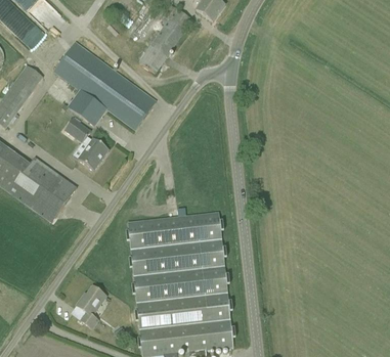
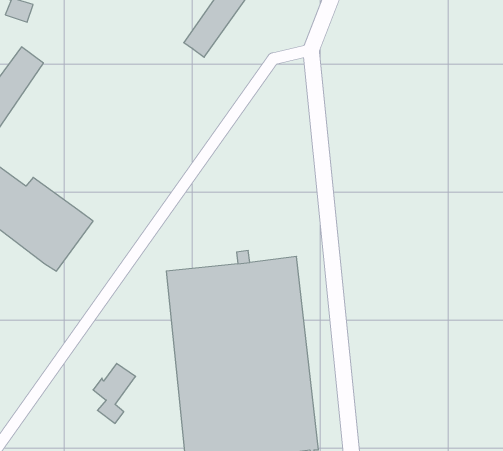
building: [54,43,156,129] -> none
building: [64,118,109,171] -> none

